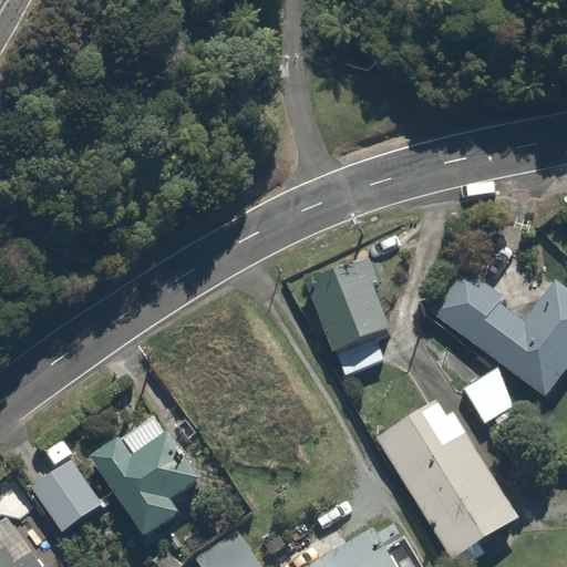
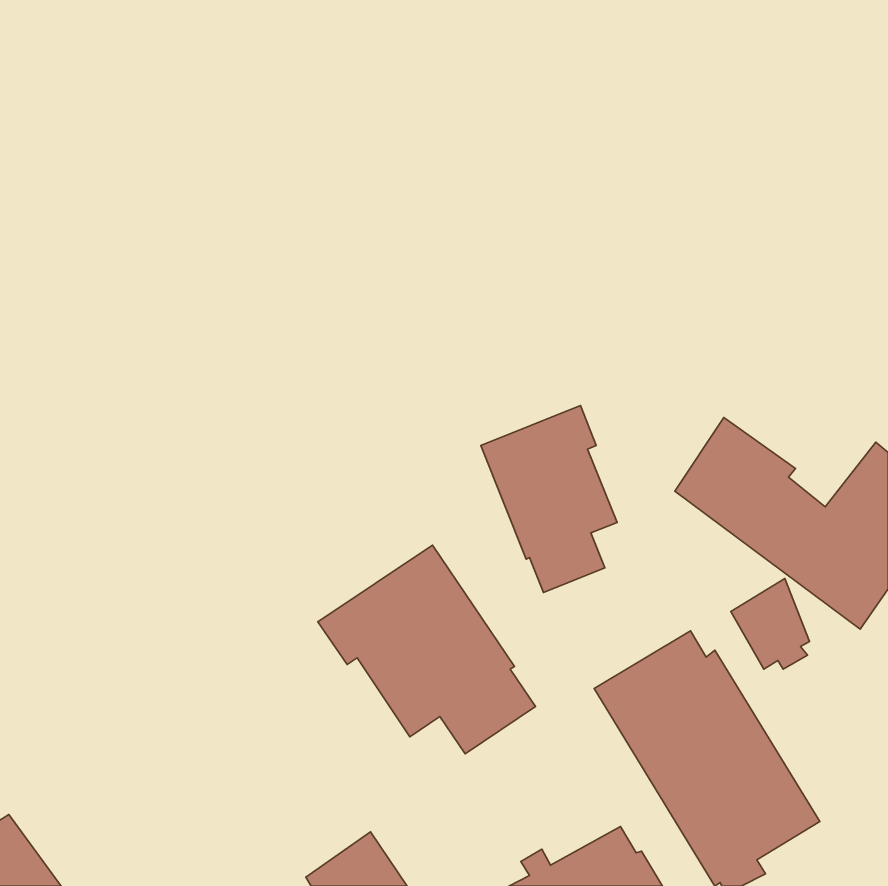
building: none -> [318,545,535,754]
building: [89,416,203,539] -> none
building: [31,461,103,534] -> none

